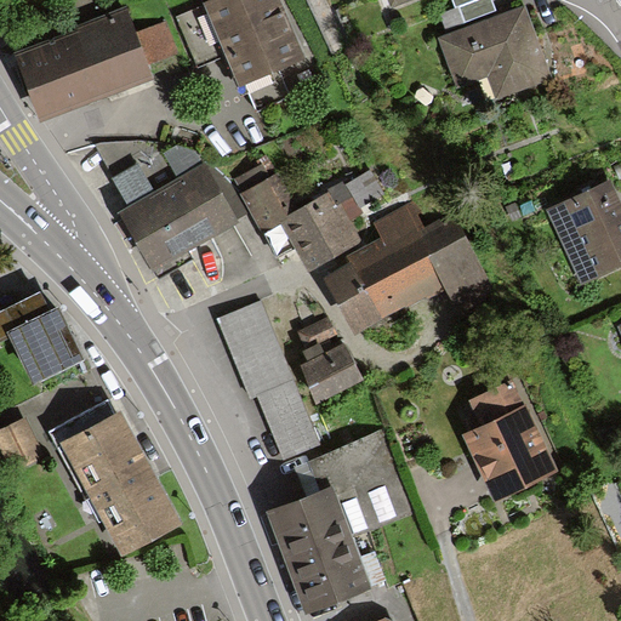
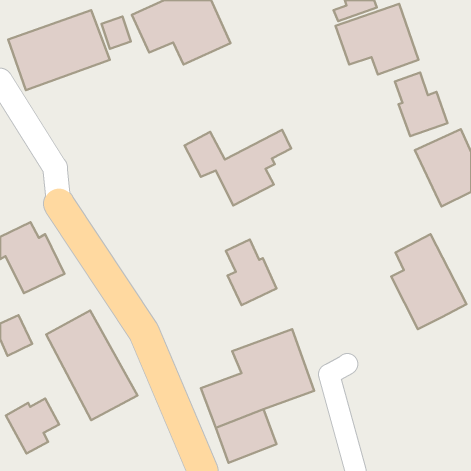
building: none -> [395,72,447,136]
building: [97,143,237,277] -> none
building: [325,205,488,335] -> none
building: [216,301,323,461] -> none
building: [461,378,560,503] -> [391,234,467,329]
building: none -> [6,399,59,454]

